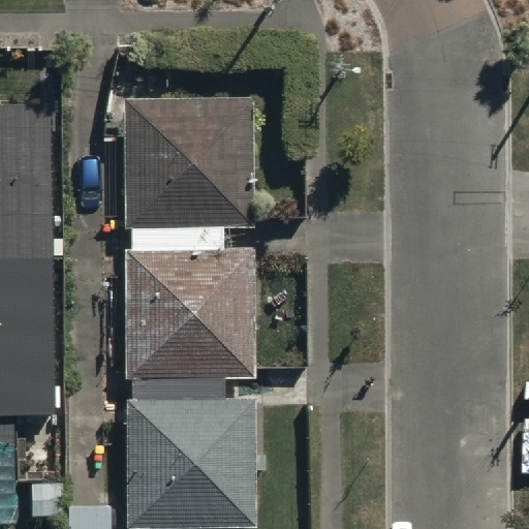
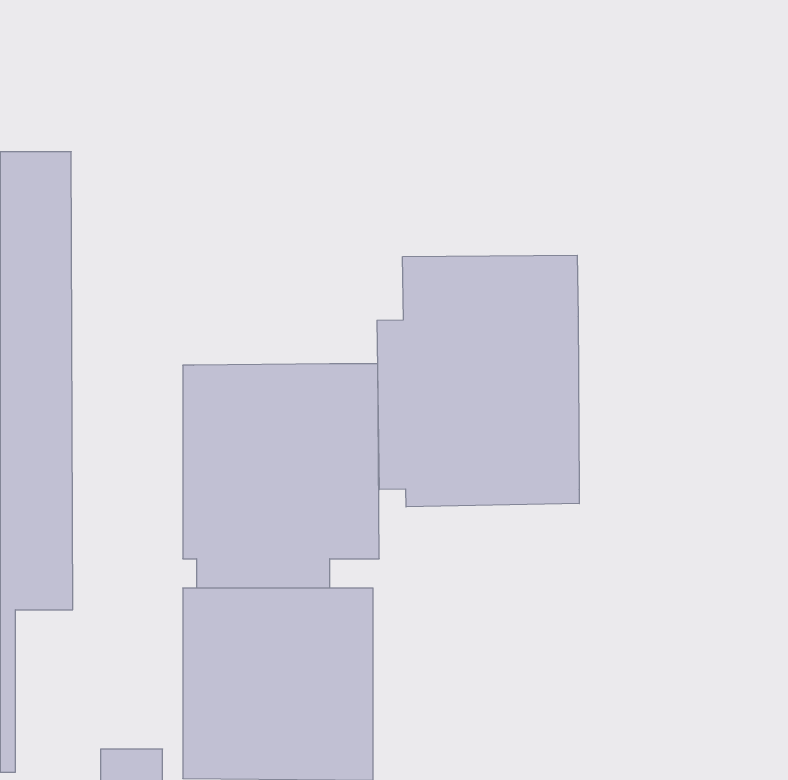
building: [124,100,251,251] -> none
building: none -> [377,255,579,507]

